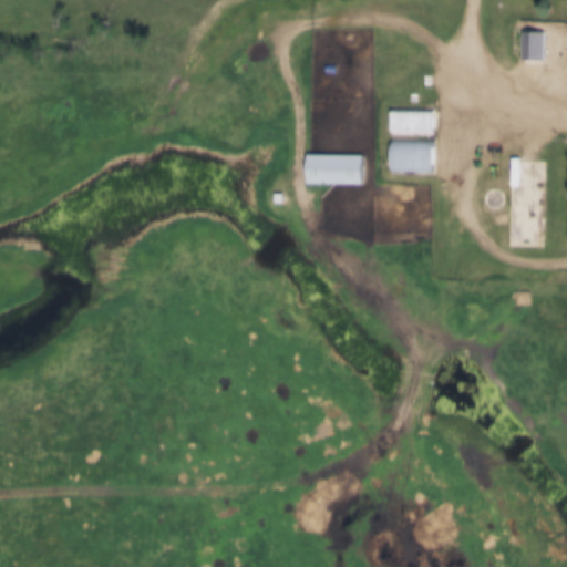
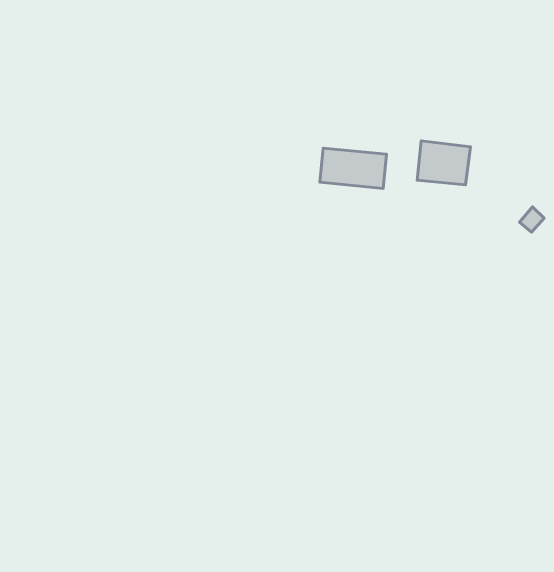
building: [390,111,432,136] -> none

